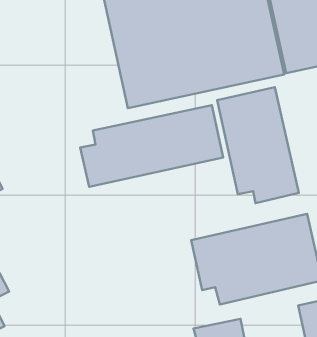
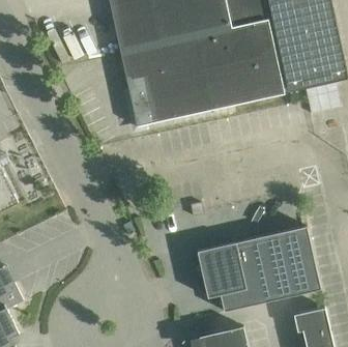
building: [217,87,299,203] -> none
building: [80,105,223,187] -> none

